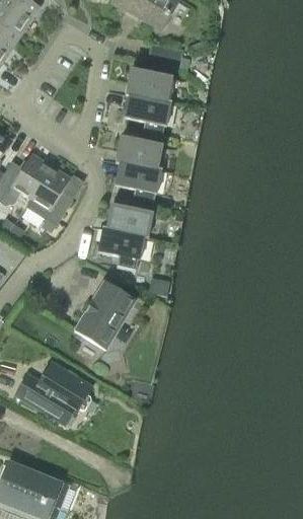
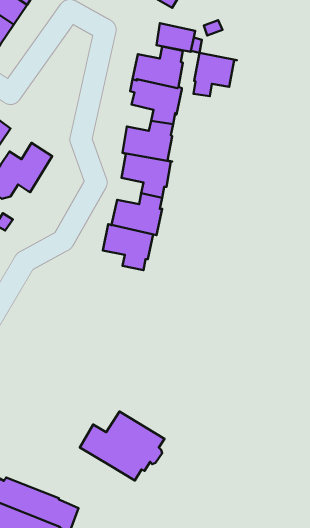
building: none -> [193,53,237,96]
building: [25,165,73,226] -> none
building: [75,281,136,349] -> none
building: [15,361,93,425] -> [80,411,164,481]

